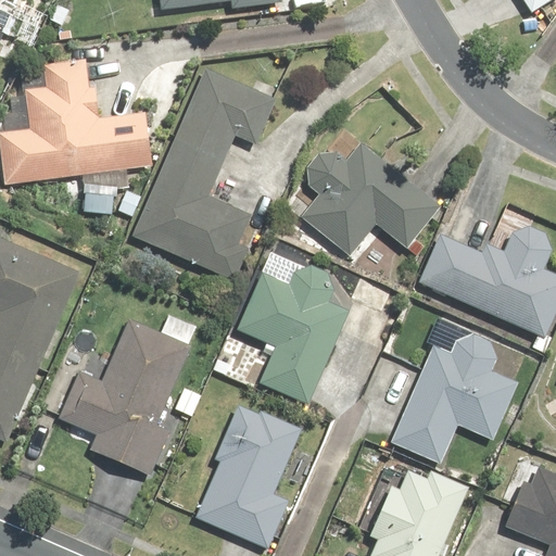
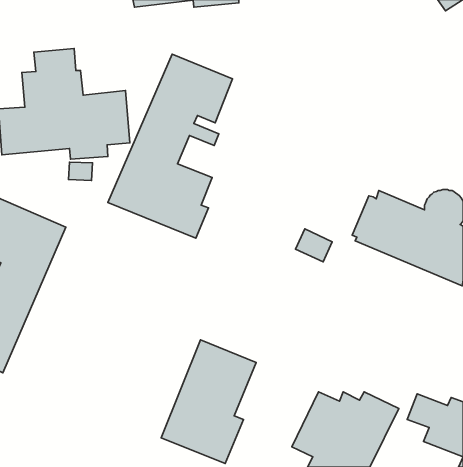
building: [301,139,442,256] -> none
building: [239,263,348,404] -> none
building: [40,315,200,478] -> none
building: [388,334,519,464] -> none

